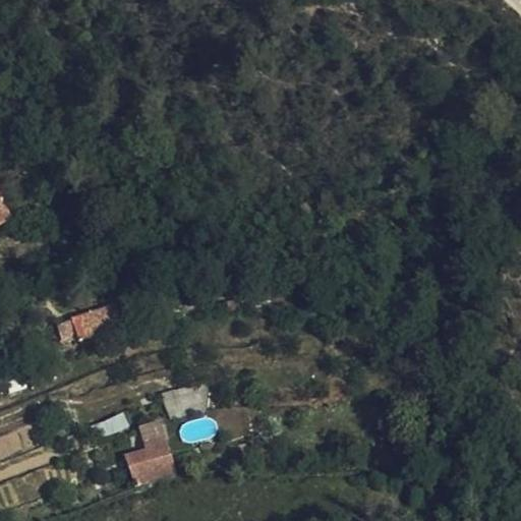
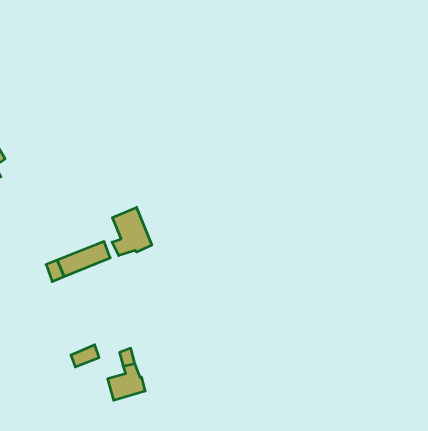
building: none -> [112,207,152,256]

